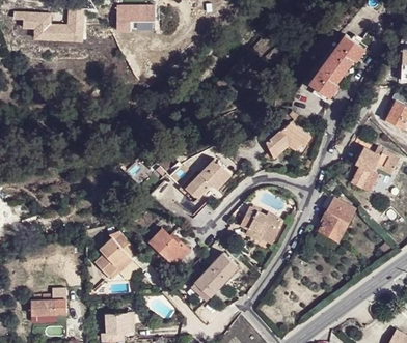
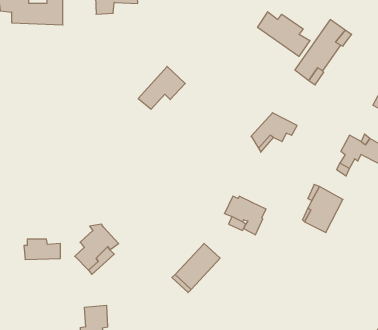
building: none -> [258,12,310,56]
building: [185,159,230,200] -> [138,66,185,109]
building: [150,229,189,266] -> none
building: [30,295,65,315] -> [24,239,60,259]

